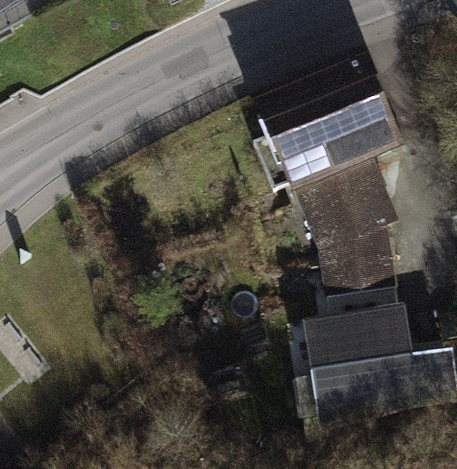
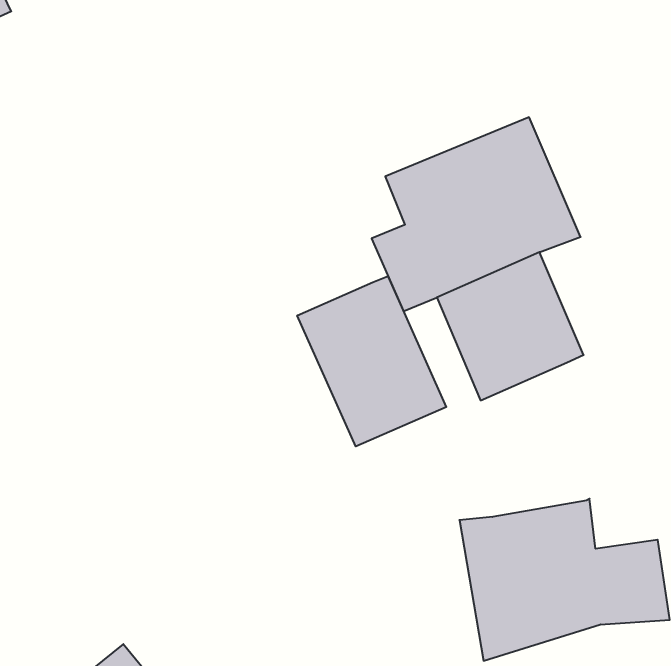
building: none -> [297,276,446,446]
building: [329,242,399,344] -> none

